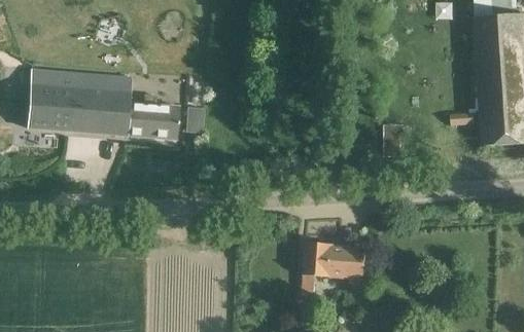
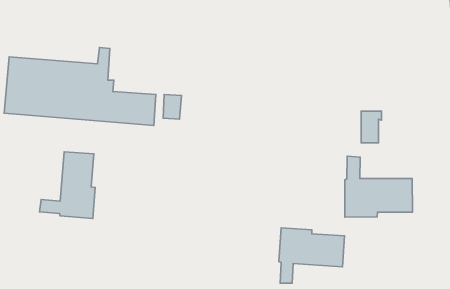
building: none -> [40,152,95,219]
building: none -> [345,156,412,217]

